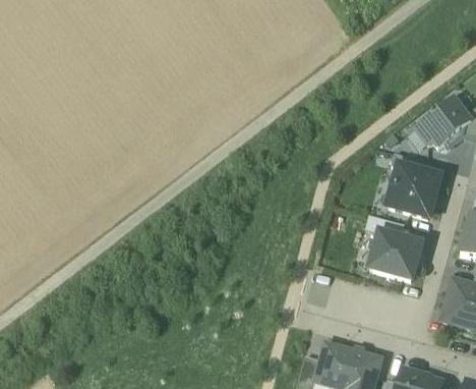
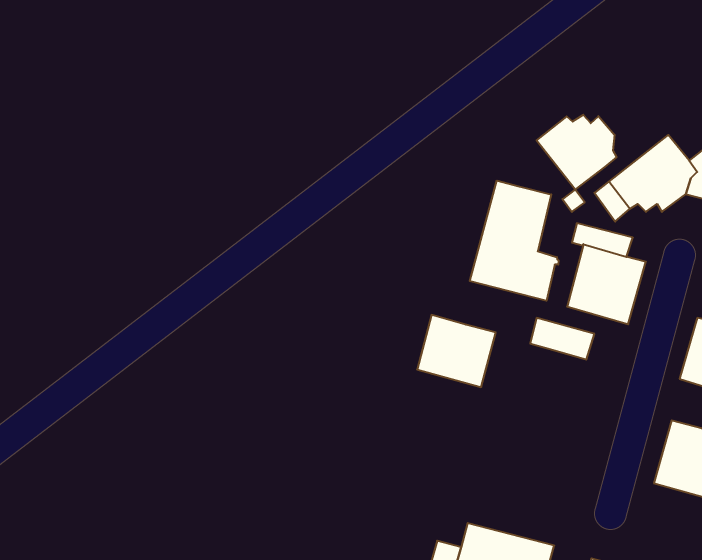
building: none -> [537,115,617,190]
building: none -> [470,181,559,301]
building: [371,232,421,278] -> [417,315,496,387]

